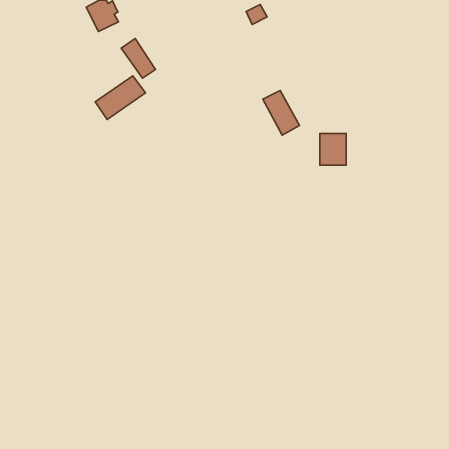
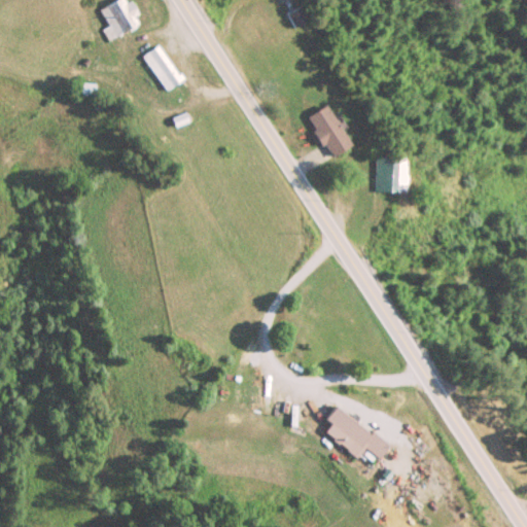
building: [95,76,145,120] -> none
building: none -> [325,406,389,459]

